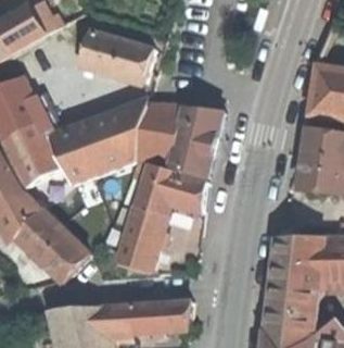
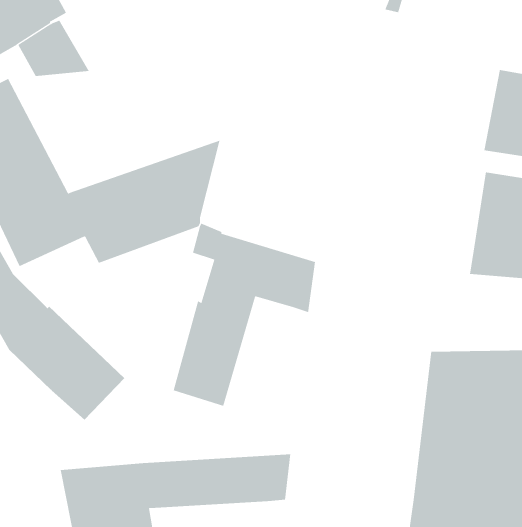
building: [79,29,152,82] -> none
building: [135,105,222,178] -> none

